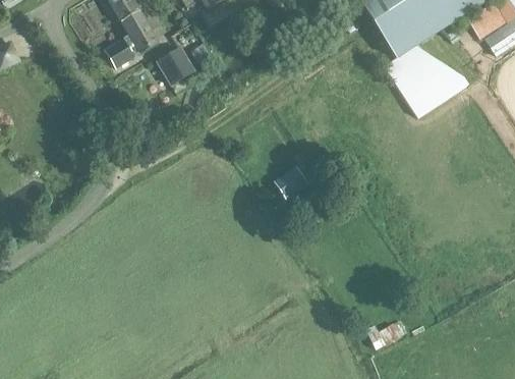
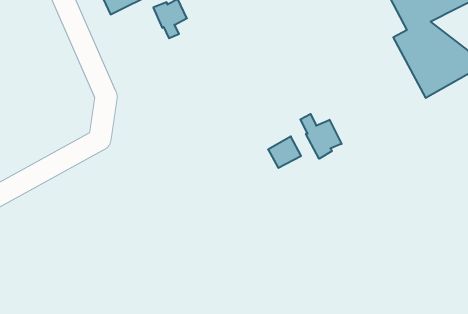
building: none -> [300,114,342,159]

